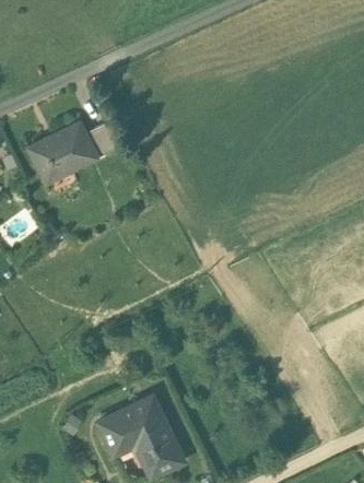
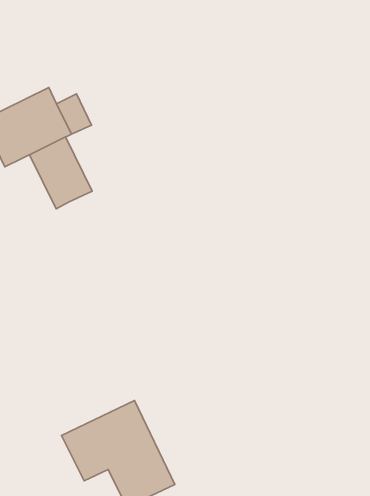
building: none -> [30,137,92,209]

